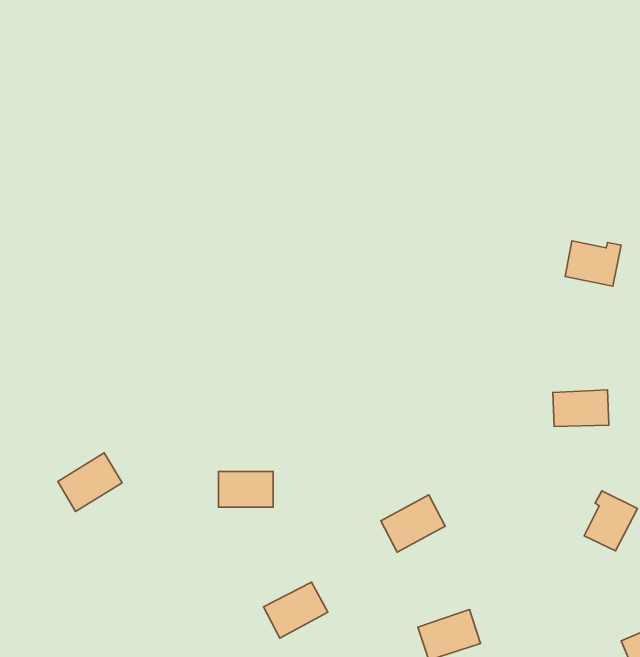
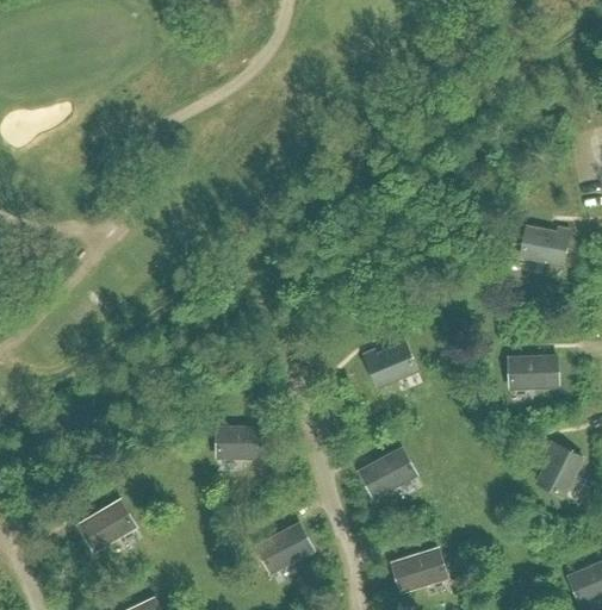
building: none -> [364,343,416,387]
building: [58,453,122,512] -> [79,500,135,552]

